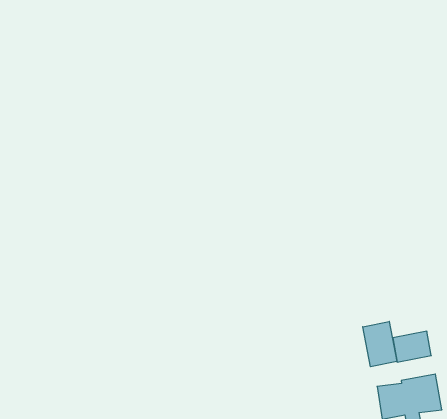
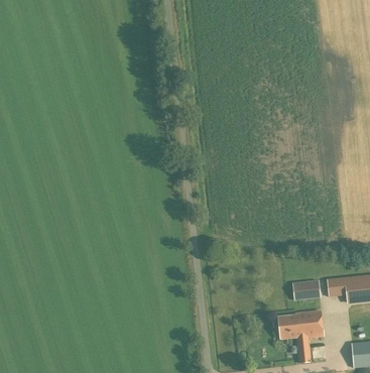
building: [363,321,397,367] -> none

